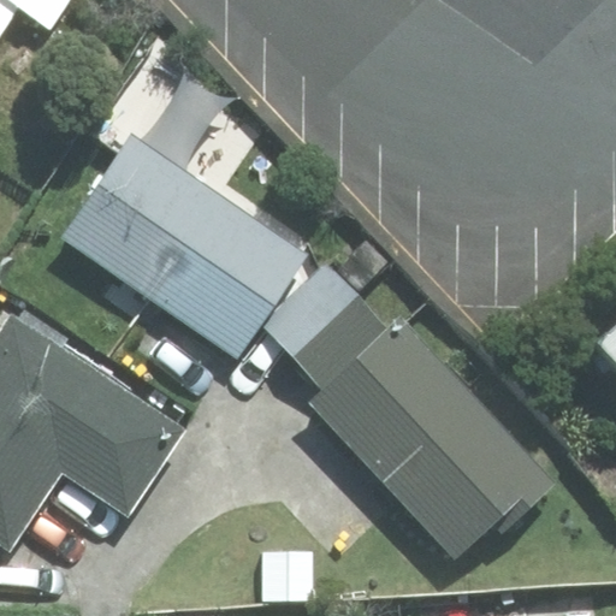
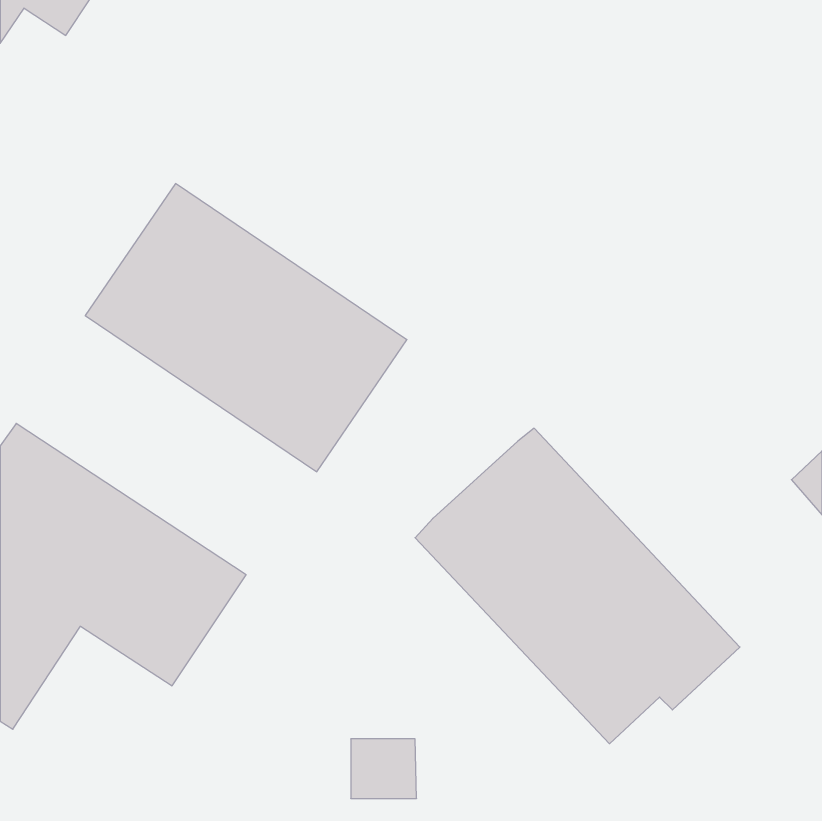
building: [262,262,387,387] -> none

